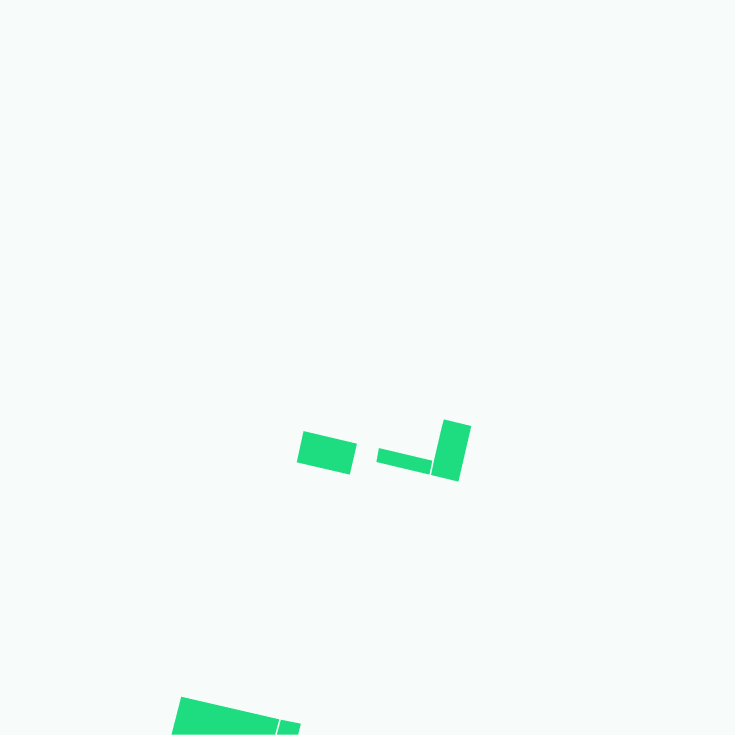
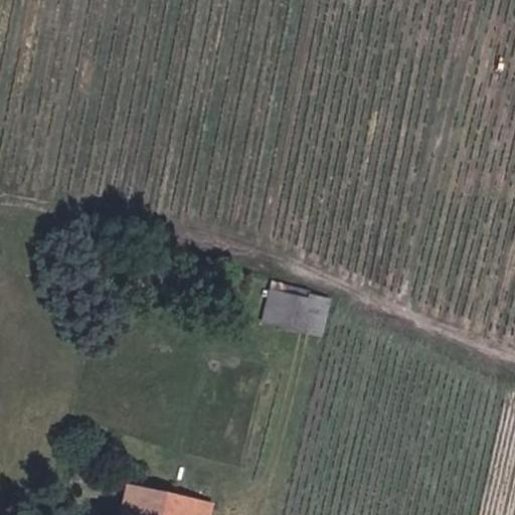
building: [296,431,358,475] -> [266,290,309,321]

